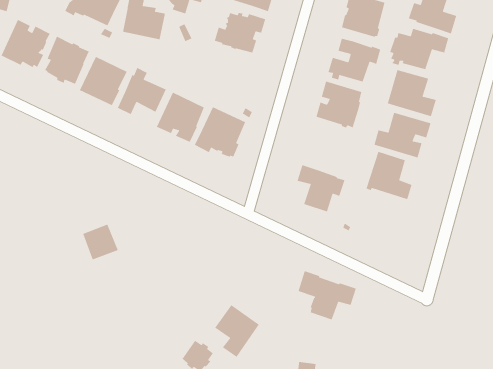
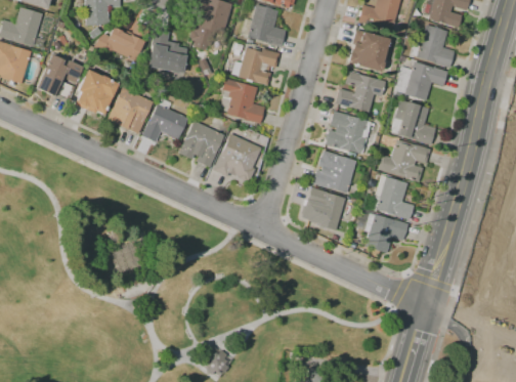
building: none -> [220,79,265,125]
building: none -> [313,152,356,194]
building: [298,270,357,321] -> [354,208,408,254]
building: [214,304,260,358] -> none

